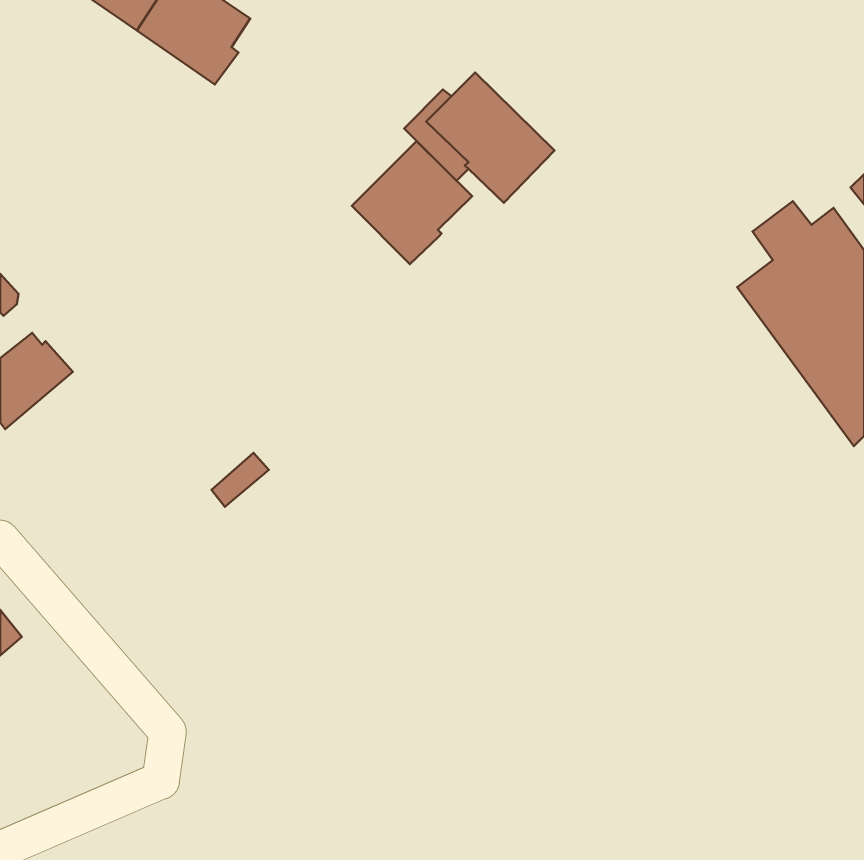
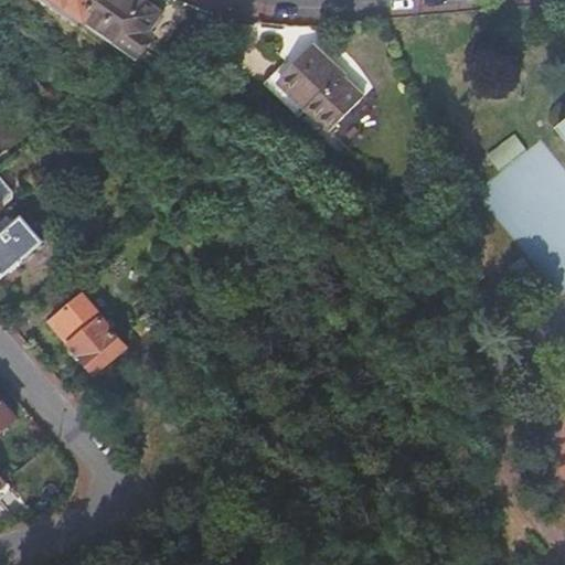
building: [352,141,472,264] -> none
building: none -> [50,295,125,373]

